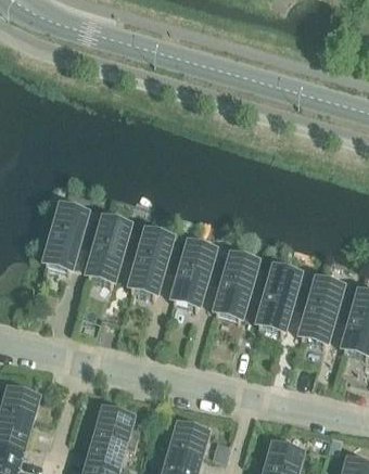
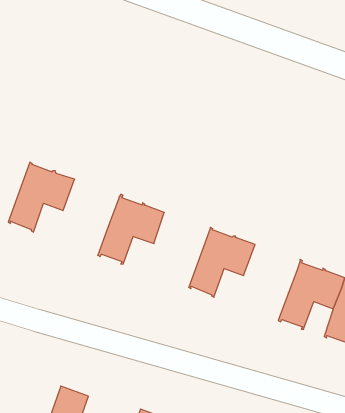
building: [87,216,145,280] -> none
building: [173,241,231,305] -> none
building: [257,265,316,329] -> none

